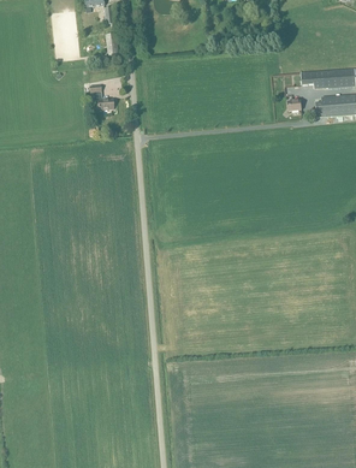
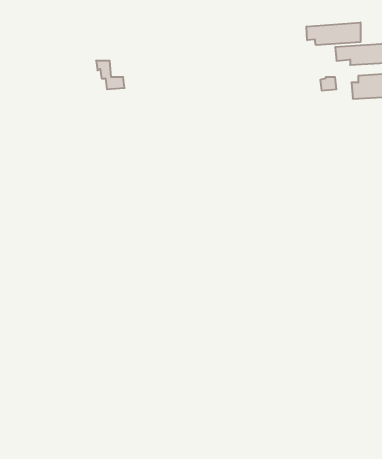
building: none -> [307,22,360,45]

